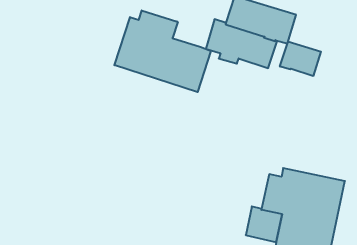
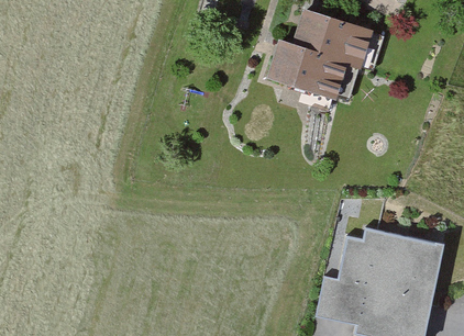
building: [114,10,211,92] -> none
building: [280,41,321,76] -> none

